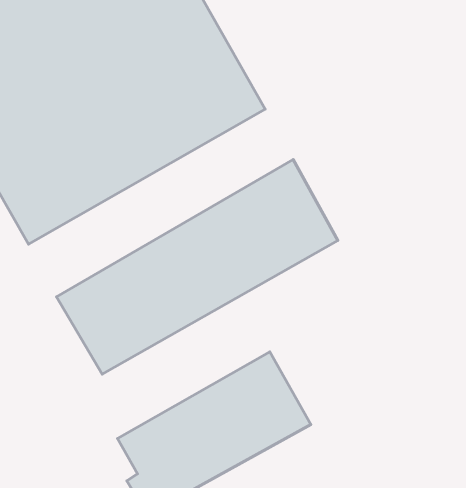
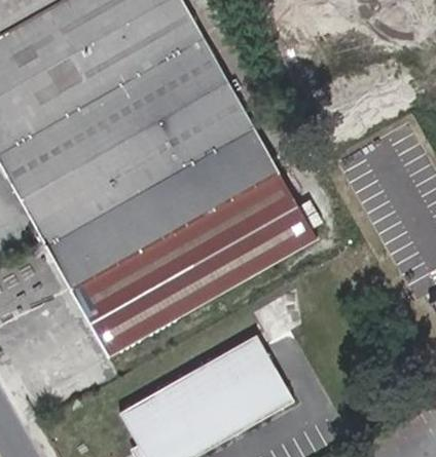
building: none -> [44,123,277,288]

